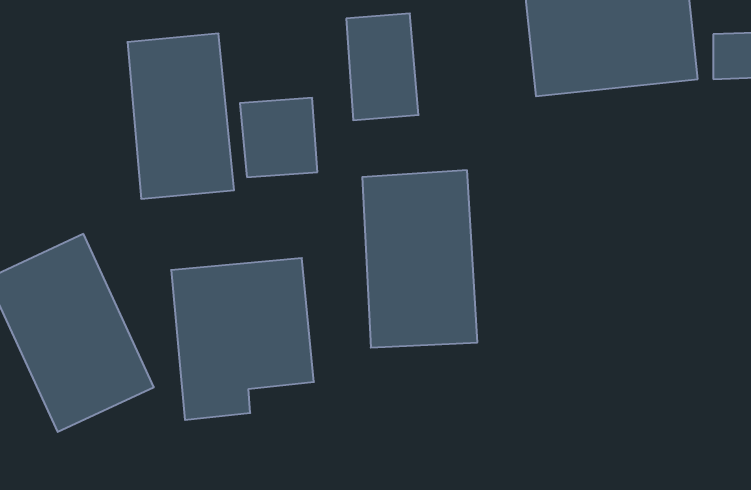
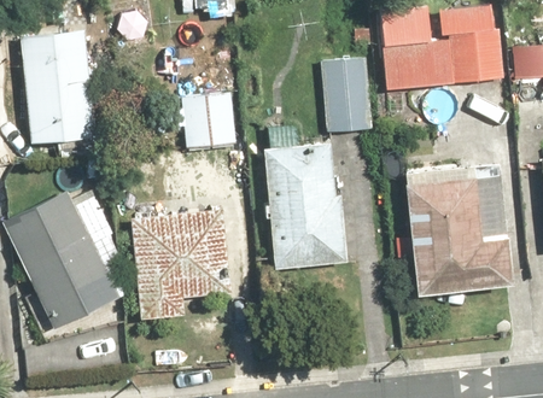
building: [346,13,419,120] -> [319,57,369,131]
building: [127,34,234,199] -> [19,29,94,145]
building: none -> [402,159,516,293]

